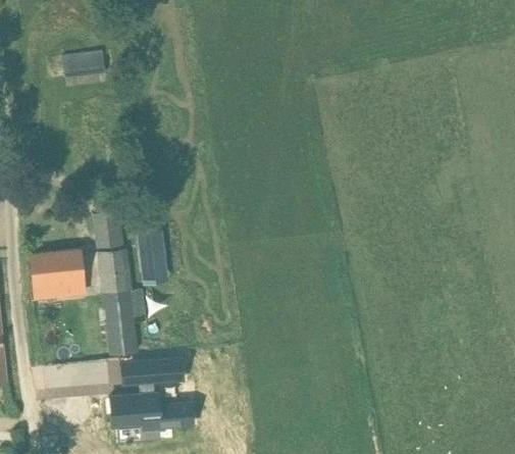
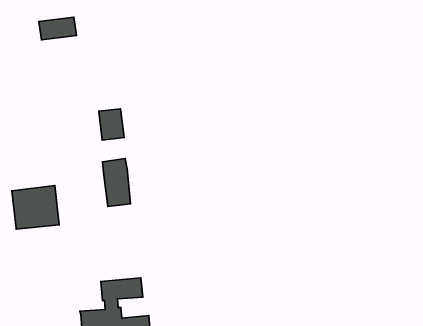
building: [93,211,122,248] -> [99,109,124,140]
building: [98,250,146,355] -> none

